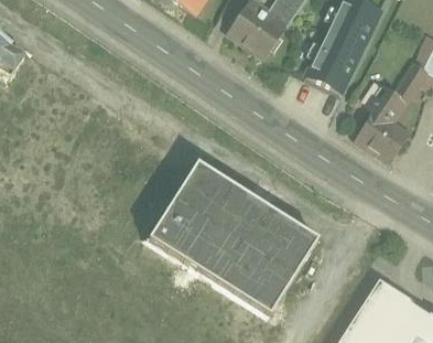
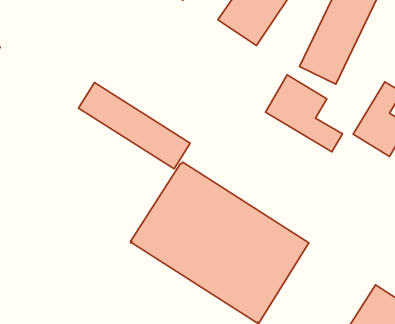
building: none -> [266,75,342,152]
building: none -> [78,83,190,169]

